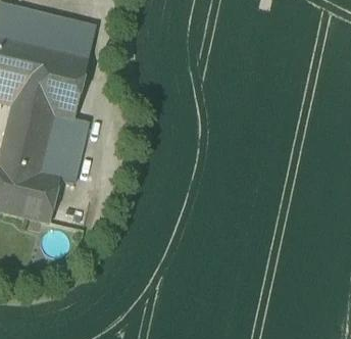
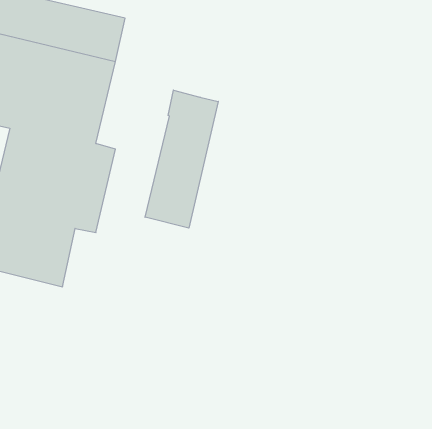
building: none -> [145,90,218,228]

